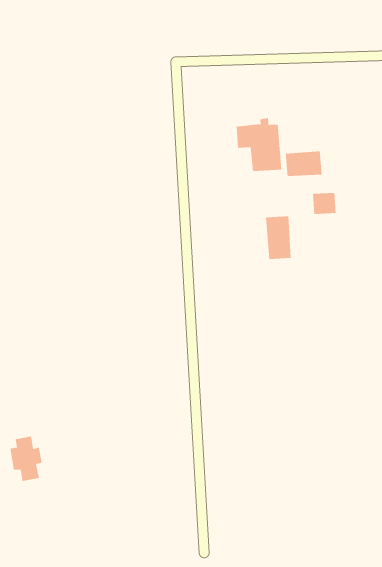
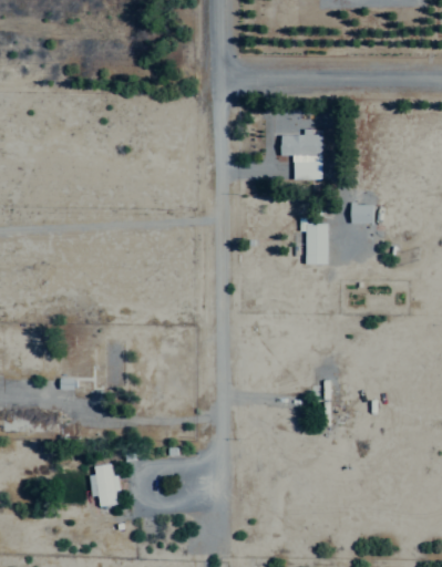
building: [285,150,322,177] -> none
building: [9,436,43,481] -> [90,464,121,507]

